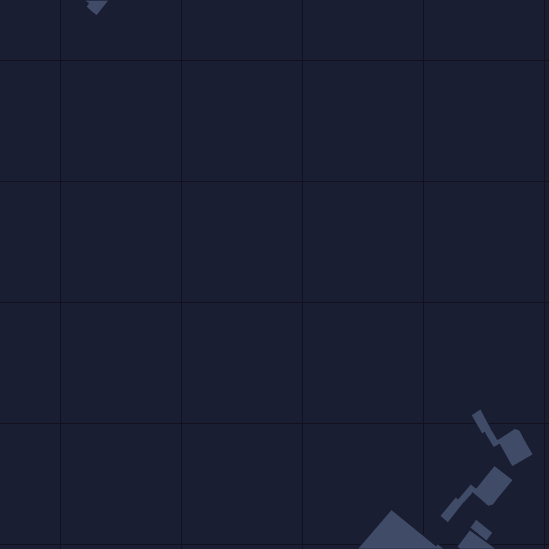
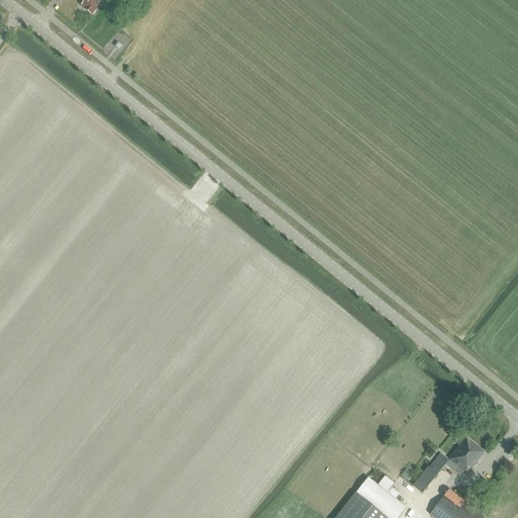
building: [471,409,533,467] -> none

